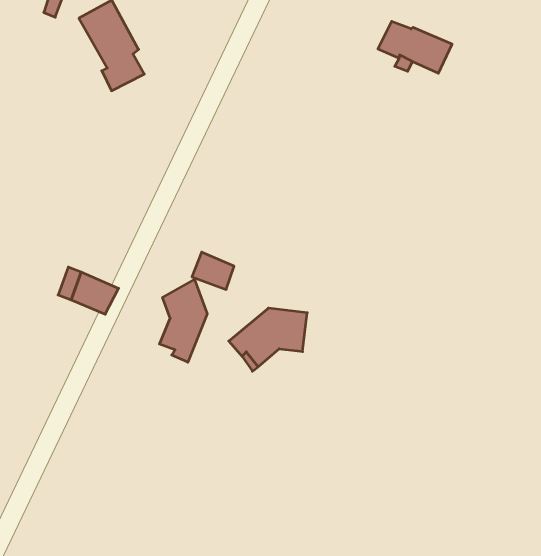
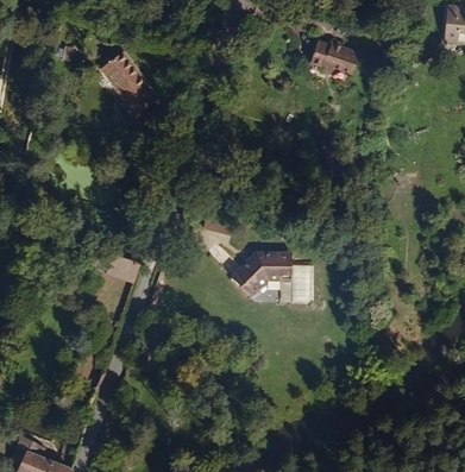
building: [159,279,207,362] -> none
building: none -> [278,254,314,303]

